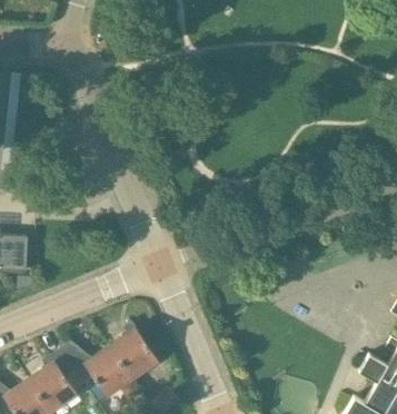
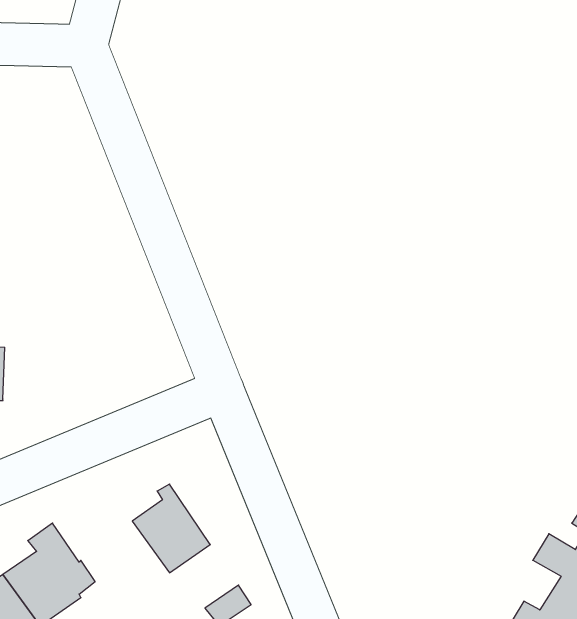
building: [58,339,131,396] -> none

